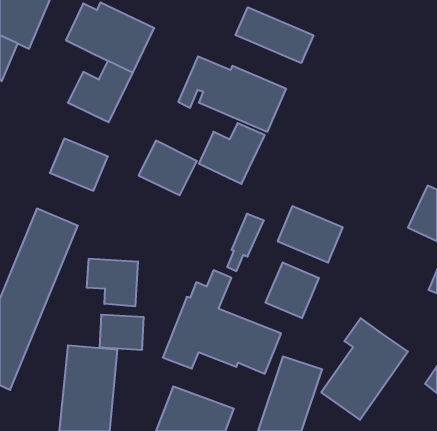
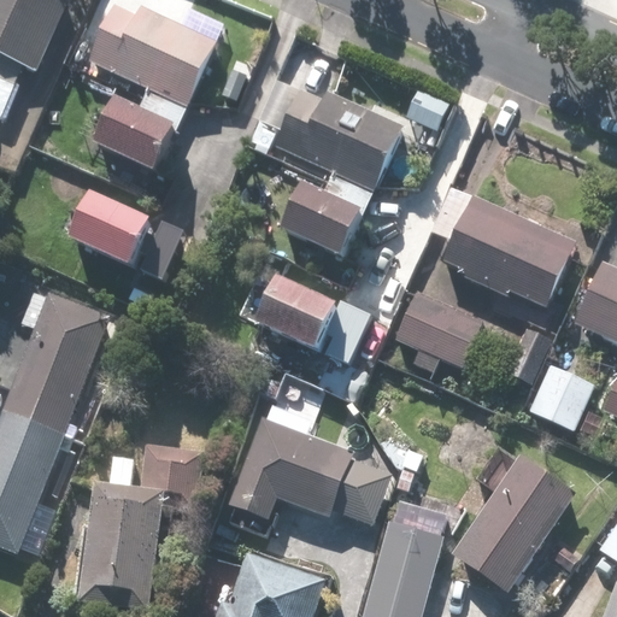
building: [236,7,313,63] -> none
building: none -> [431,187,575,308]
building: [139,141,197,195] -> [254,277,336,354]
building: none -> [527,363,594,430]
building: [87,259,138,306] -> none
building: [266,262,319,318] -> none

